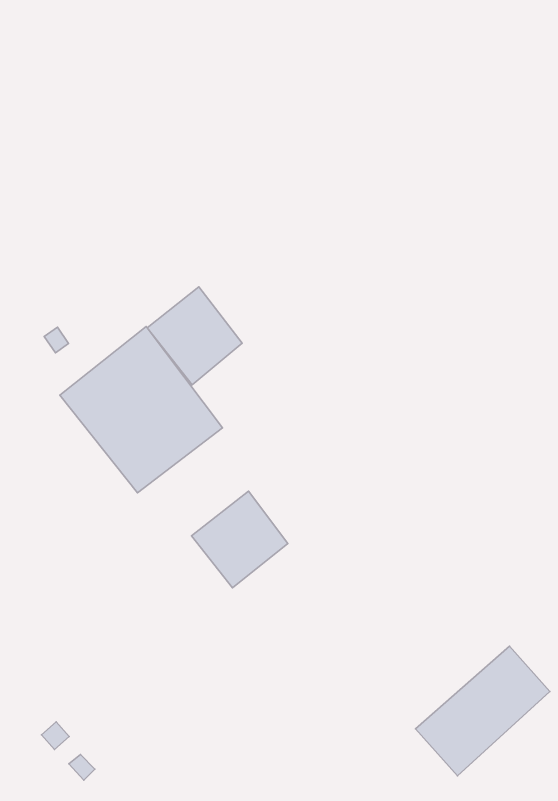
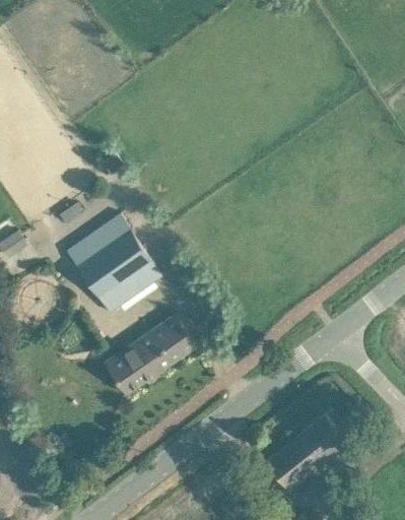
building: [147,287,242,385] -> none
building: none -> [105,339,162,396]

